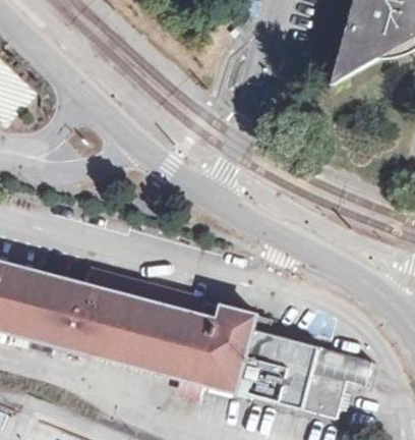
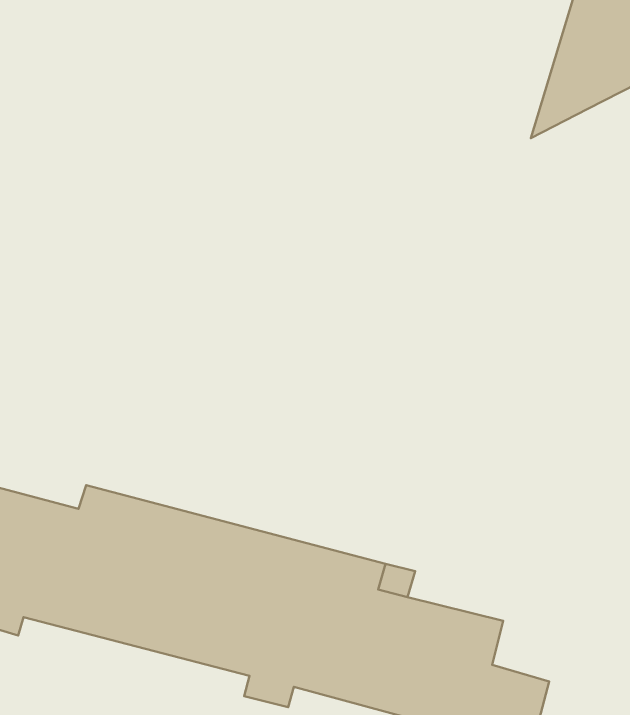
building: [310,346,367,385] -> none

